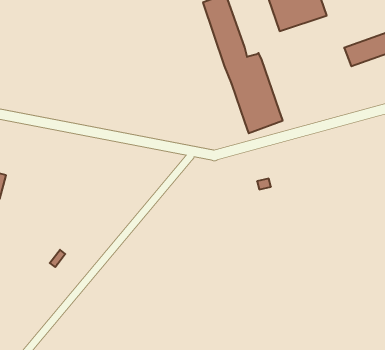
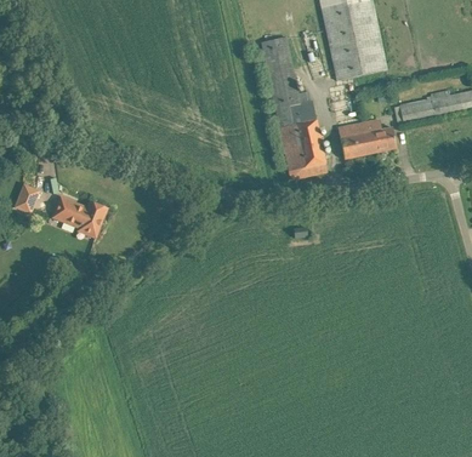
building: none -> [337,118,397,158]
building: none -> [53,196,107,236]

